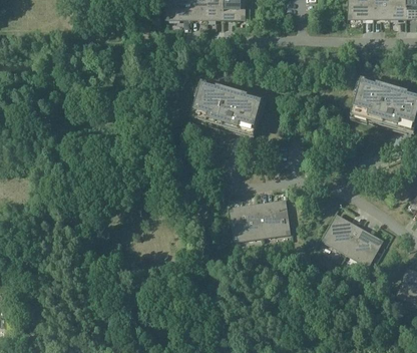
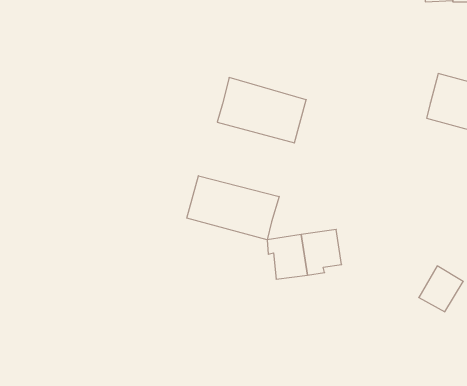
building: none -> [187,176,279,240]
building: [324,216,361,253] -> none

